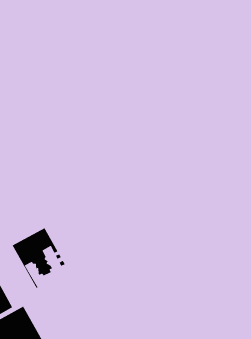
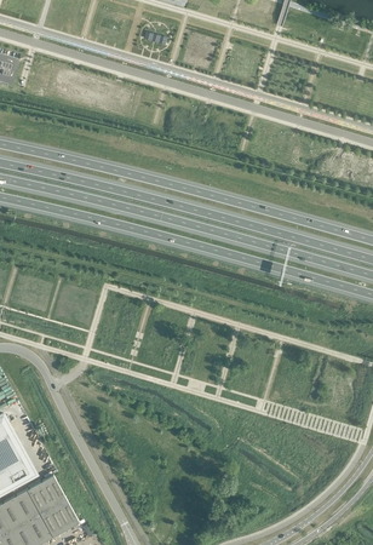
building: [11,227,66,289] -> none

